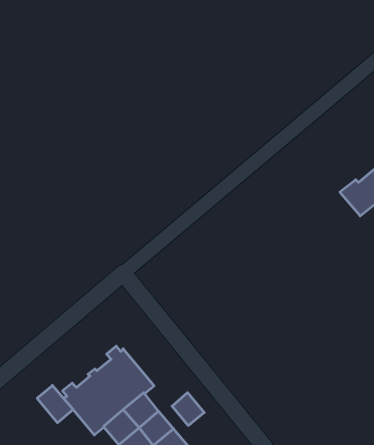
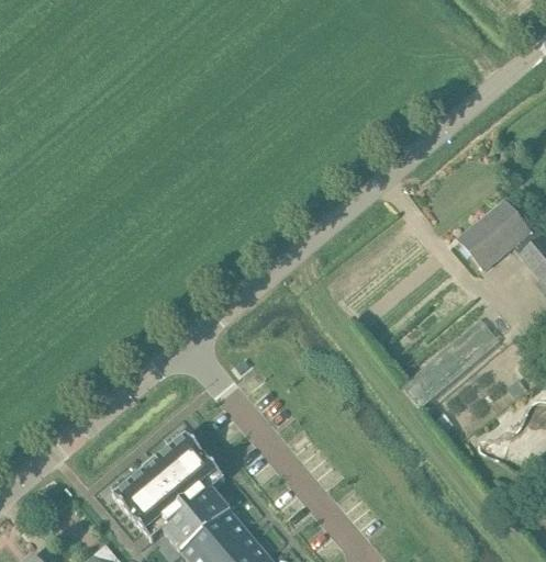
building: [38,385,73,423] -> none
building: [172,393,204,425] -> none

